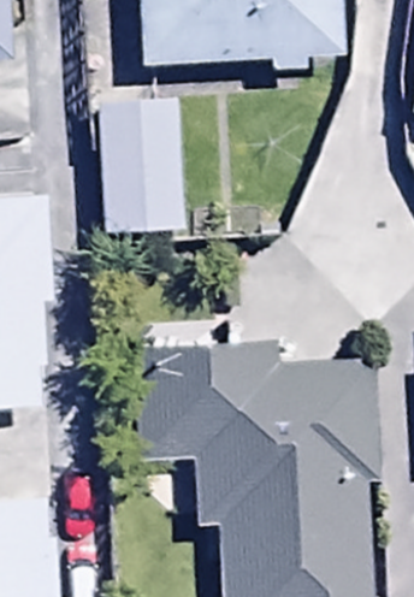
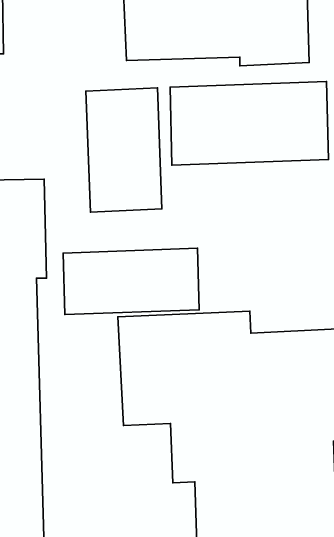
building: none -> [170,81,329,165]
building: none -> [63,248,199,315]

